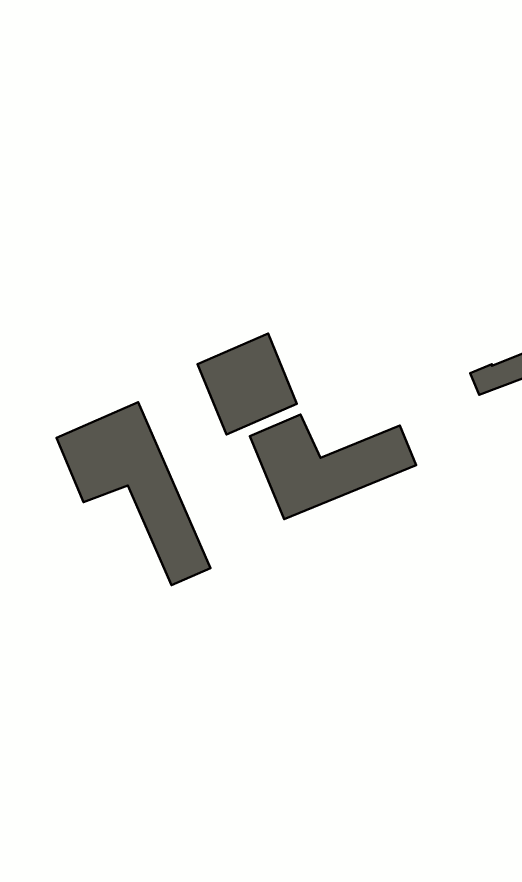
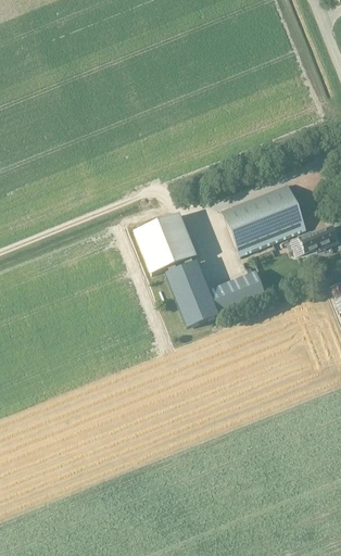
building: none -> [223,182,307,254]
building: [56,402,211,585] -> none

